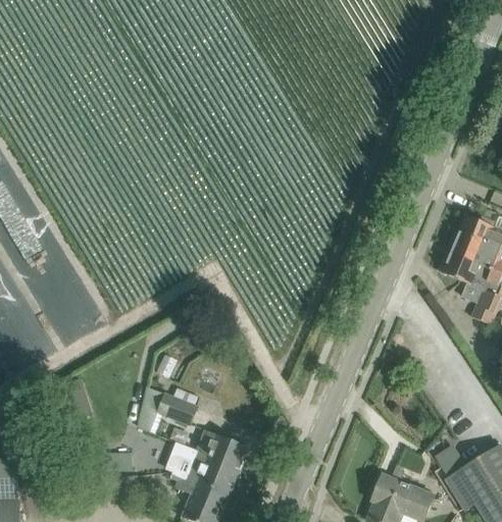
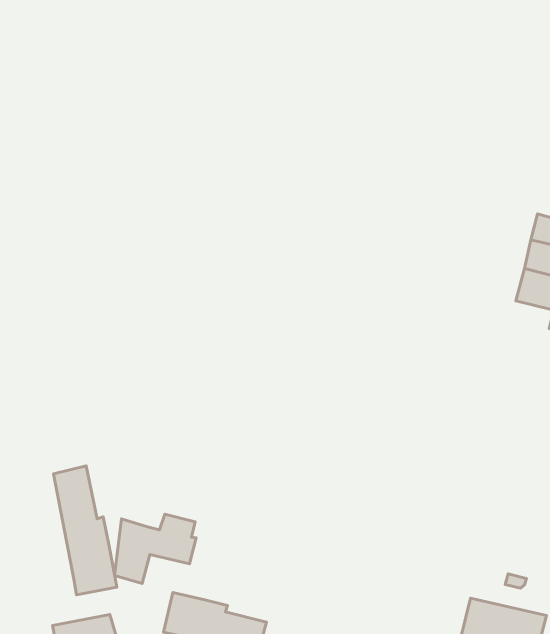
building: none -> [54,466,117,595]
building: [197,430,248,472] -> none

